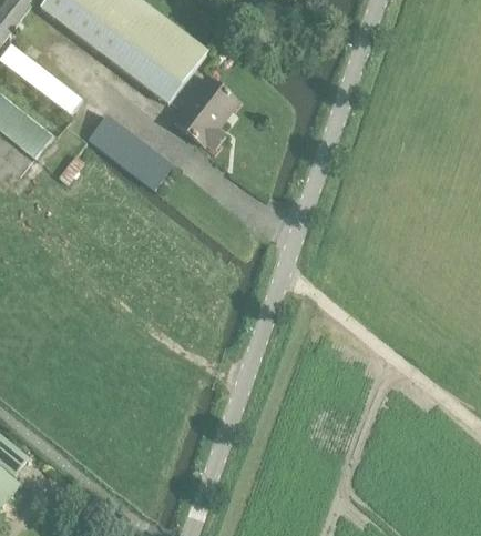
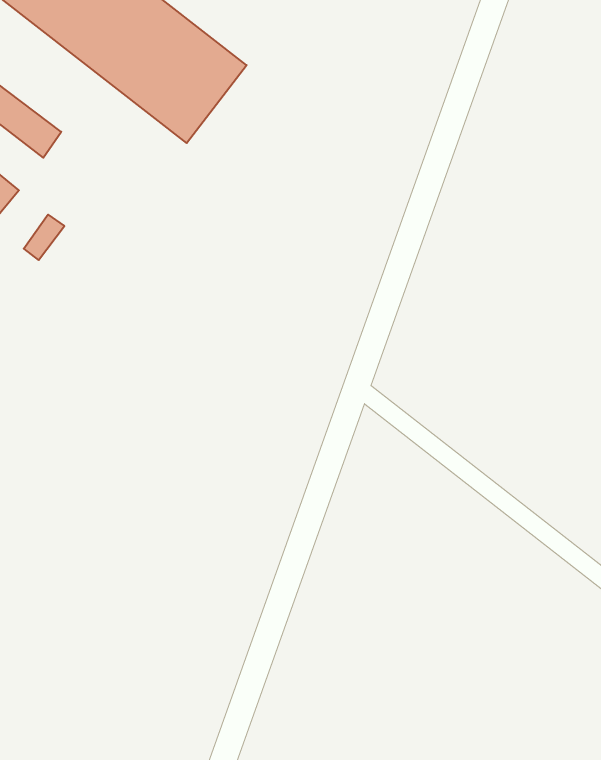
building: [171,78,236,150] -> none
building: [89,115,170,189] -> none

